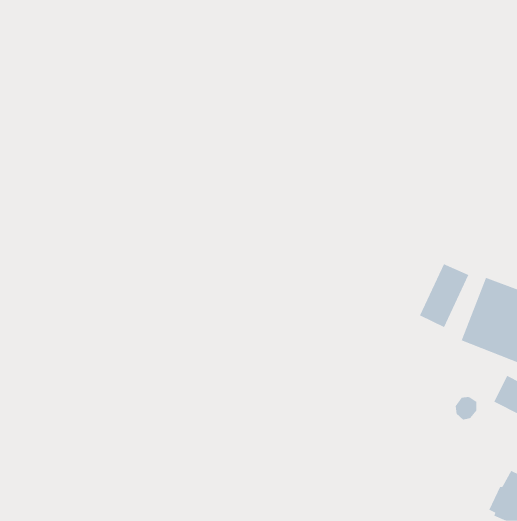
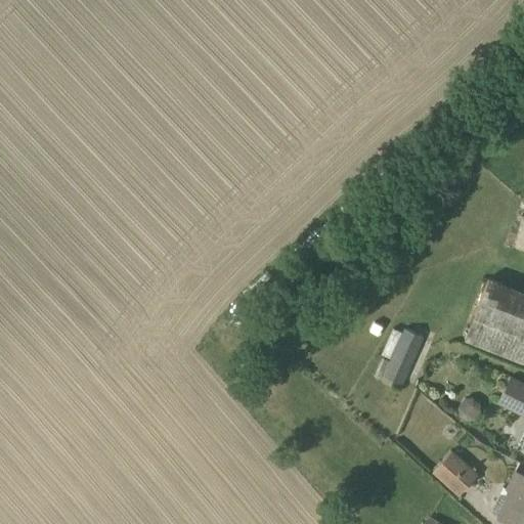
building: [419,264,469,328] -> [380,322,430,387]
building: none -> [434,451,481,496]

